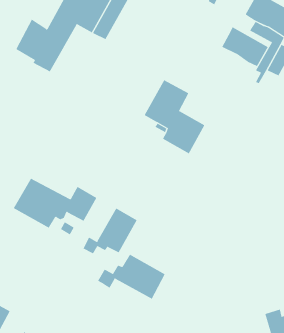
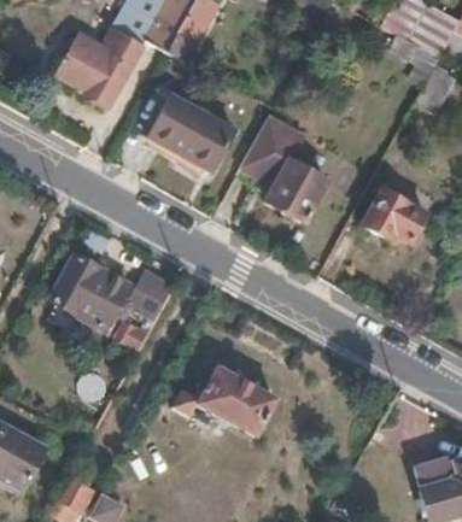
building: [221,27,268,67] -> none
building: none -> [146,95,234,172]
building: none -> [363,193,429,246]
building: [83,207,138,254] -> none

